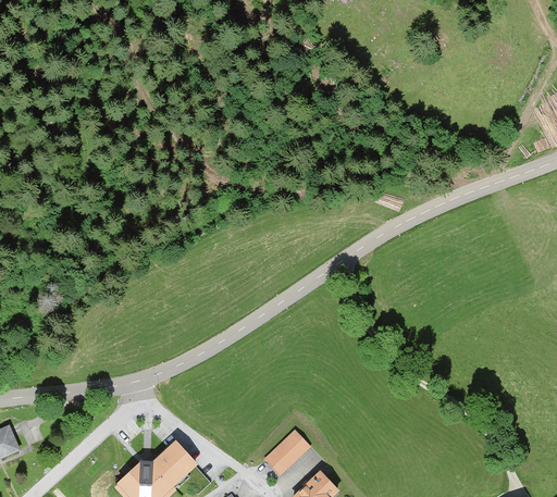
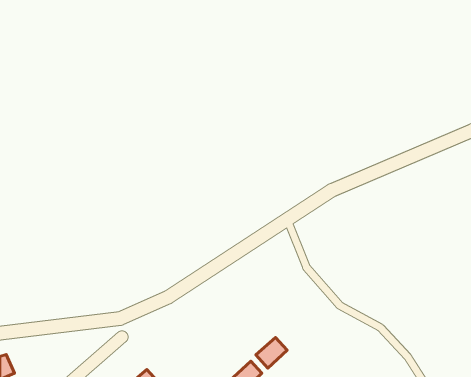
building: none -> [256,338,287,368]

